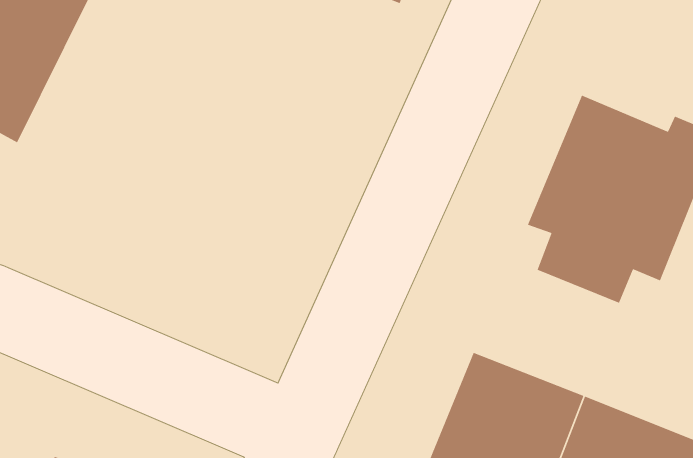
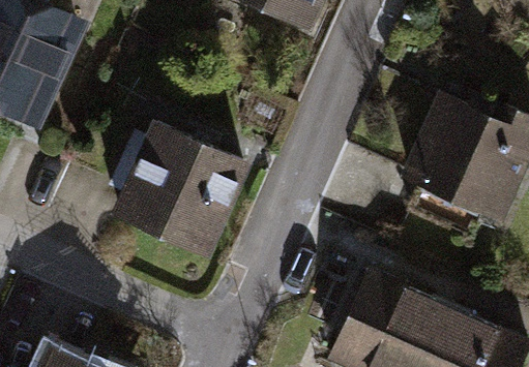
building: none -> [112,115,246,244]

